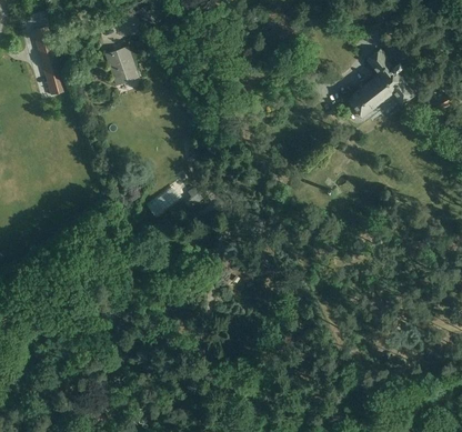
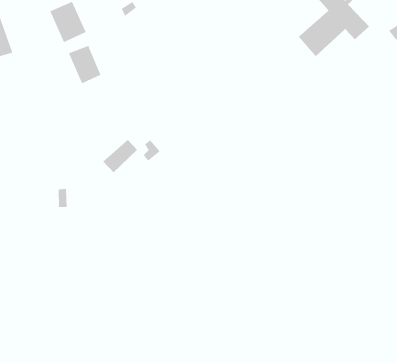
building: none -> [68,45,101,84]

